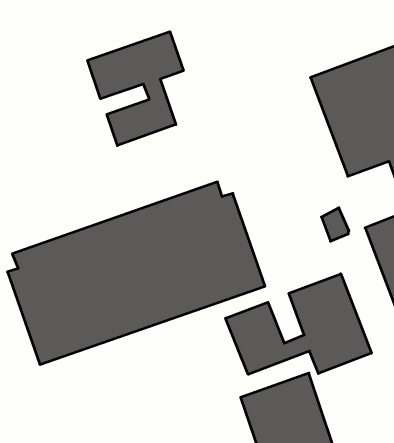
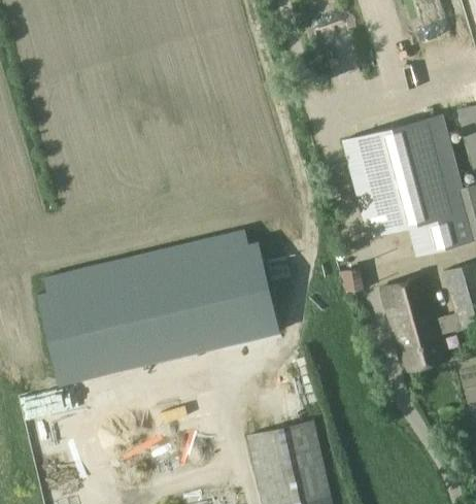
building: [88,32,183,146] -> none
building: [226,274,371,374] -> none

